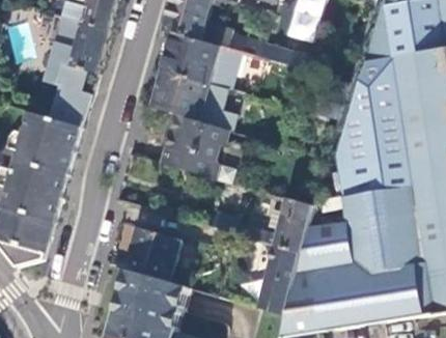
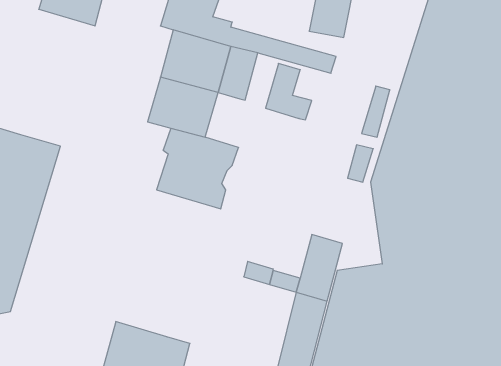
building: [46,12,111,126] -> none
building: [200,83,238,129] -> [266,63,312,120]
building: [128,227,180,281] -> none

